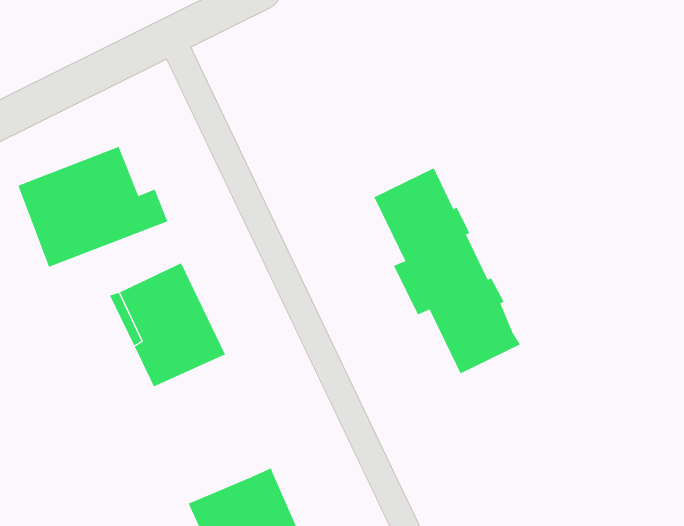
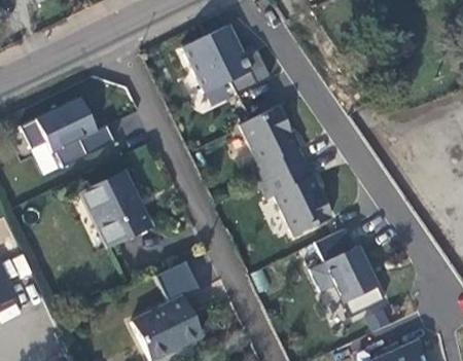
building: none -> [186,26,275,96]
building: none -> [311,230,385,320]
building: none -> [155,263,199,303]

